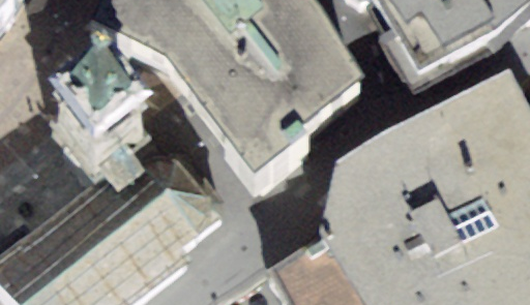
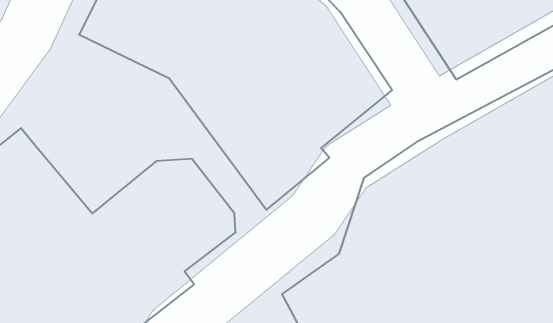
building: [49,90,157,199] -> none

